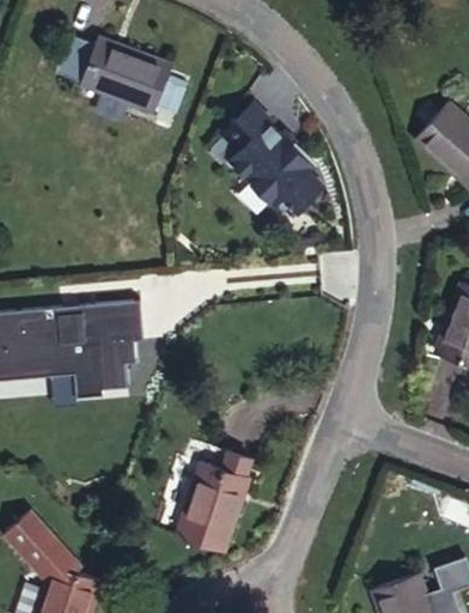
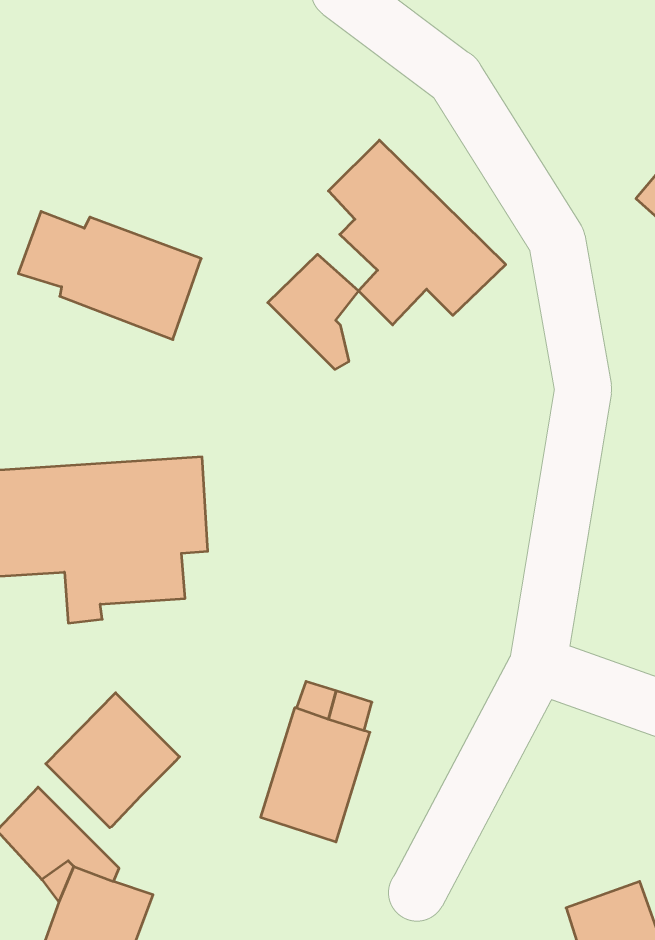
building: [59,38,175,120] -> [18,211,201,340]
building: none -> [268,254,359,369]
building: none -> [46,693,180,828]

